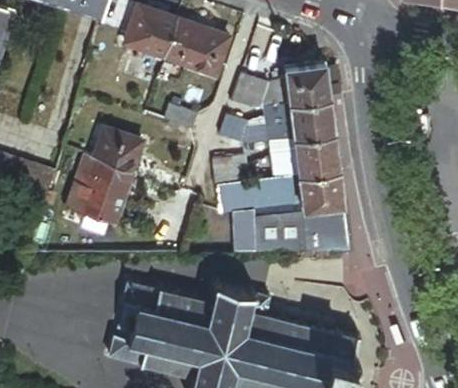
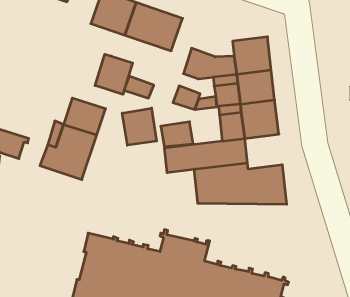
building: none -> [95,54,133,94]
building: none -> [122,108,157,145]
building: [301,169,344,209] -> none

